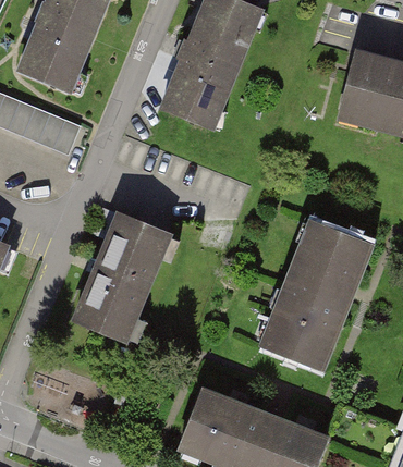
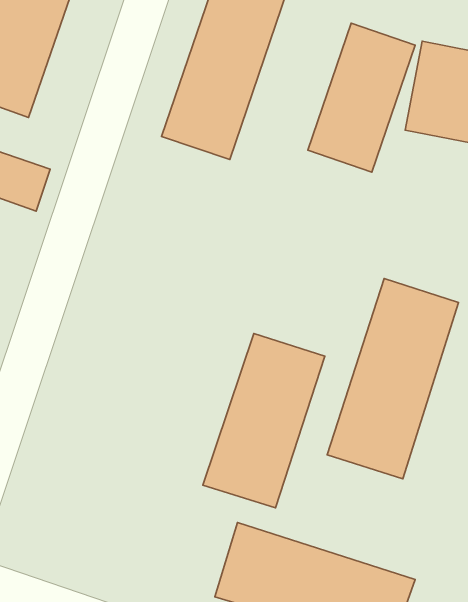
building: none -> [308,23,415,172]
building: [75,214,169,341] -> [203,334,325,508]

